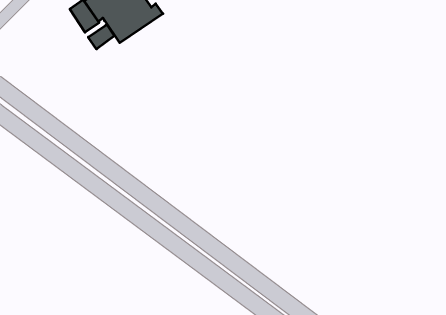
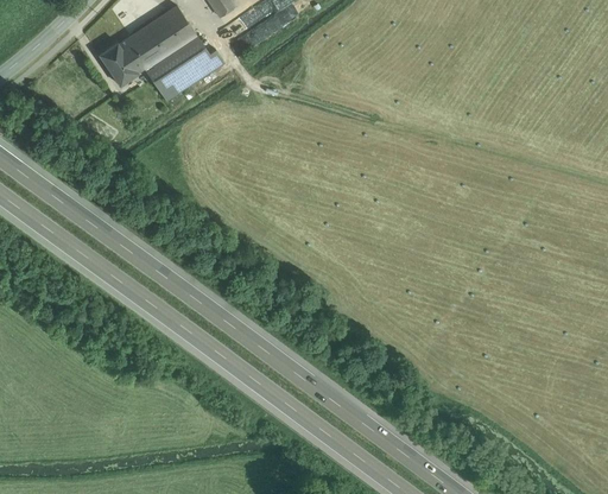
building: [88,24,115,49] -> none

